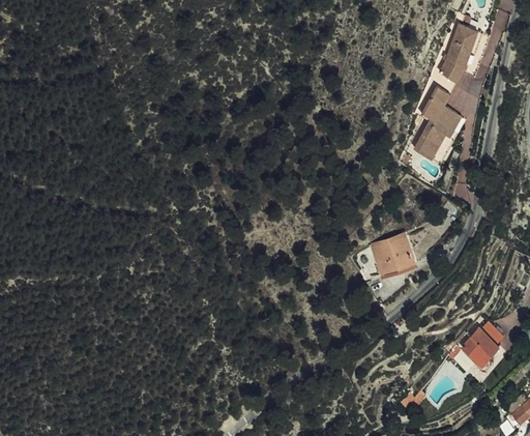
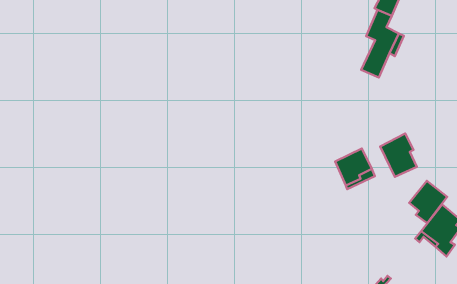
building: none -> [380,133,417,177]
building: none -> [409,181,447,223]

